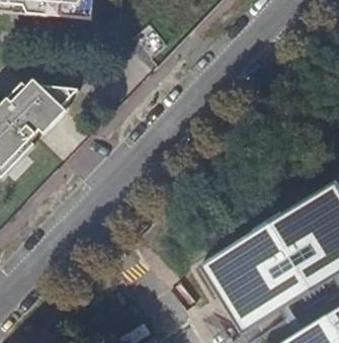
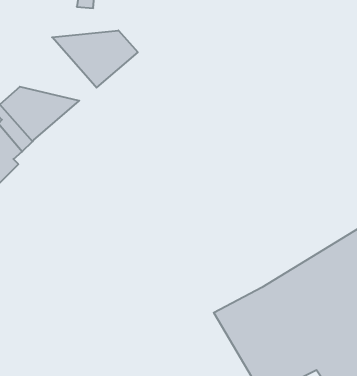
building: none -> [52,30,138,88]

